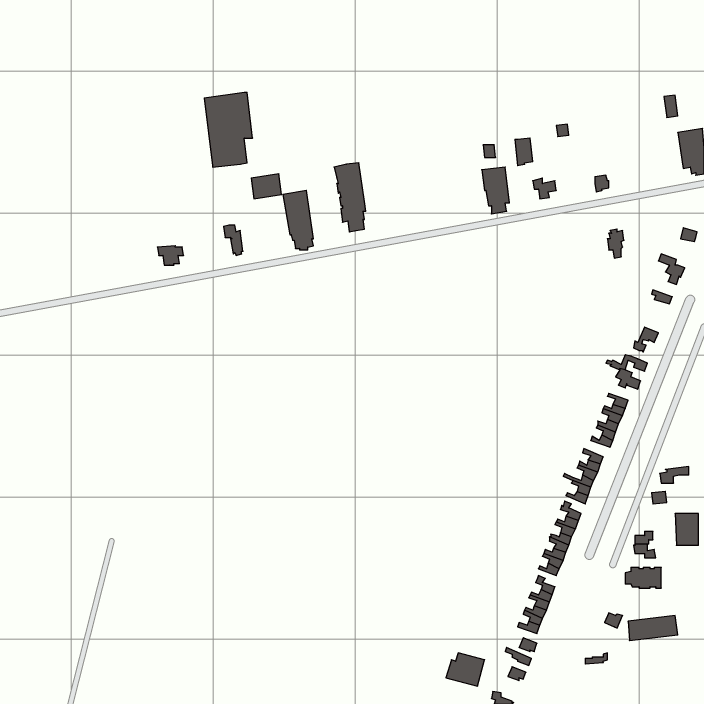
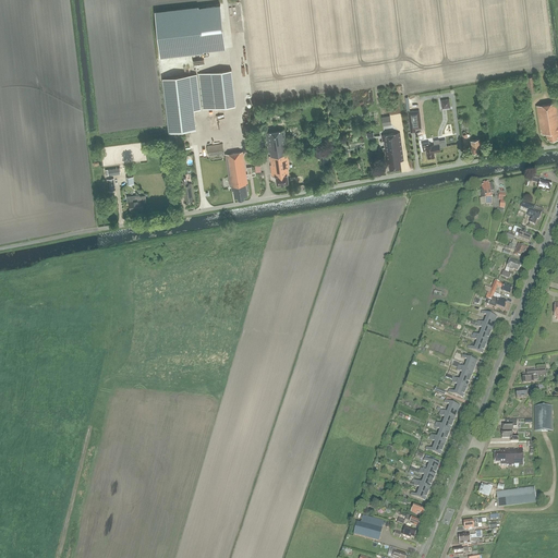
building: none -> [154,4,225,57]
building: none -> [197,69,234,109]

